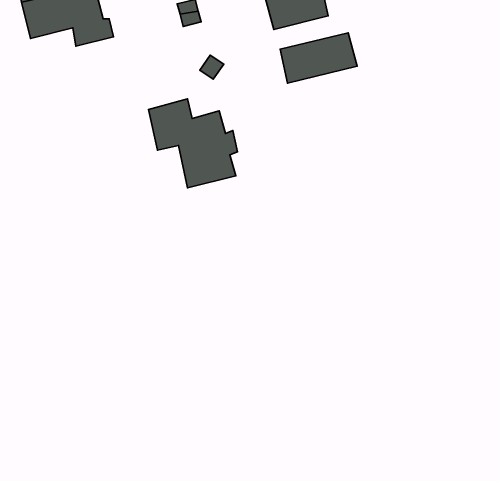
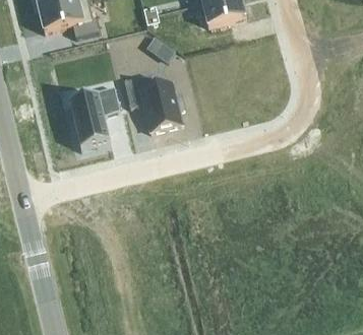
building: [280,33,357,83] -> none
building: none -> [68,83,119,146]

